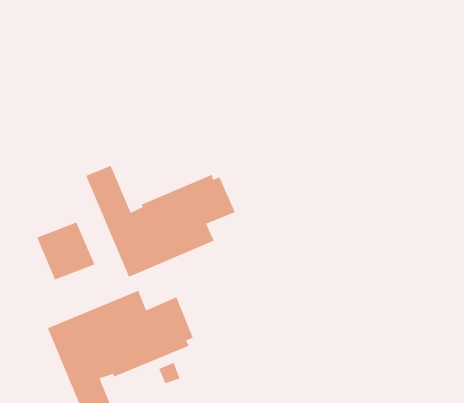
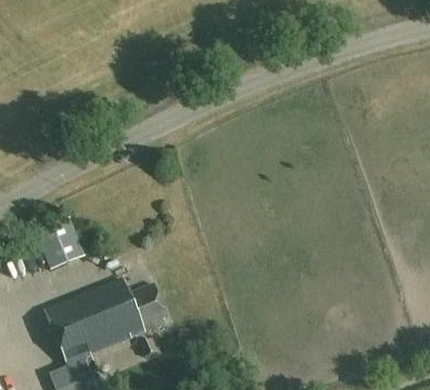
building: [85,165,236,278] -> none

